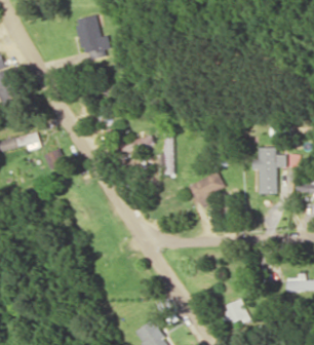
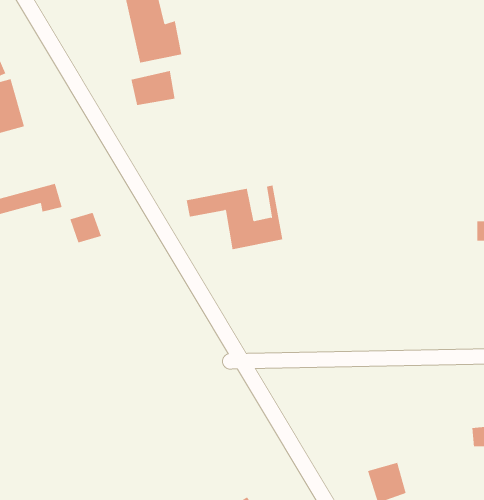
building: none -> [131,70,175,106]
building: [251,147,285,194] -> none
building: [190,172,224,207] -> none

